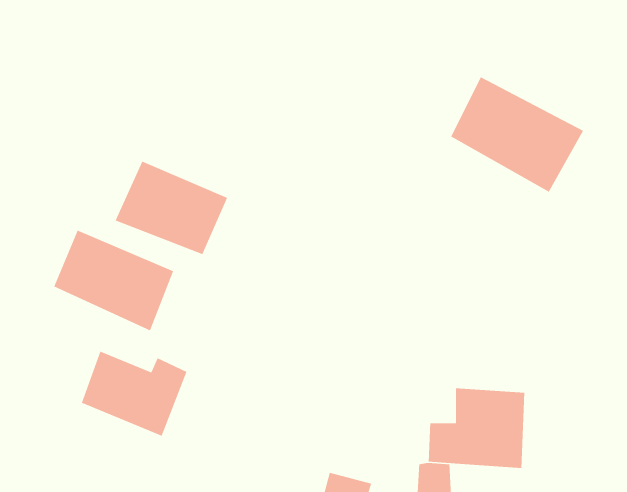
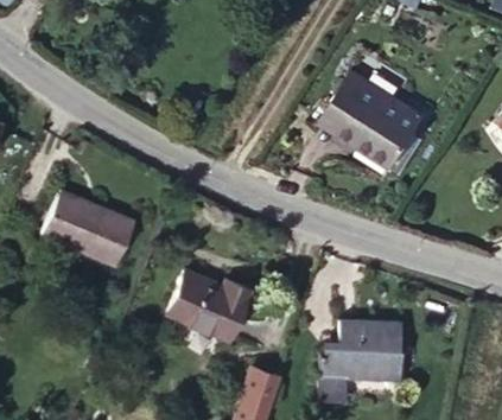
building: [114,161,228,255] -> none
building: [81,351,188,437] -> [171,272,250,336]

